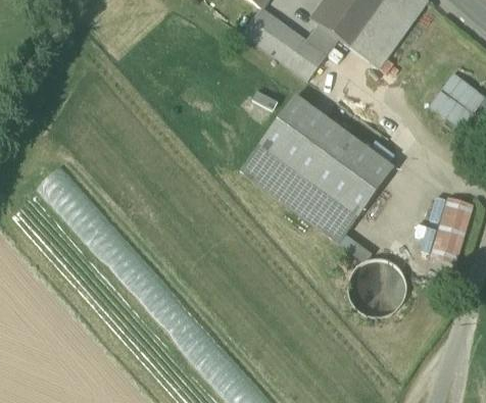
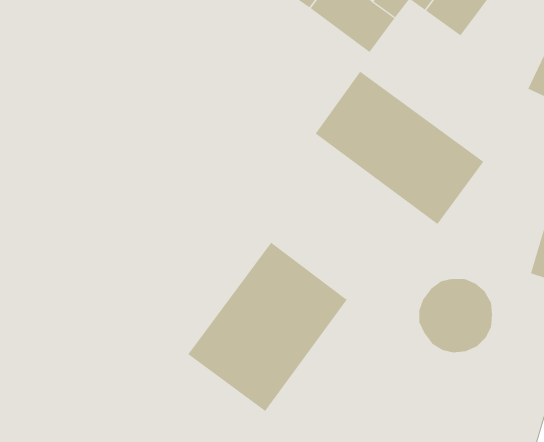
building: [241,144,358,243] -> none
building: none -> [188,242,347,412]

